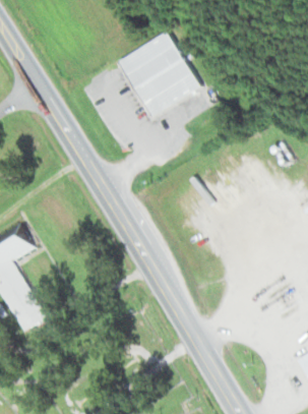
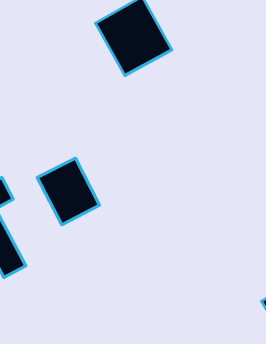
building: none -> [37,158,100,225]

